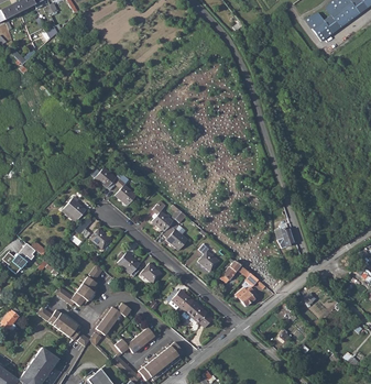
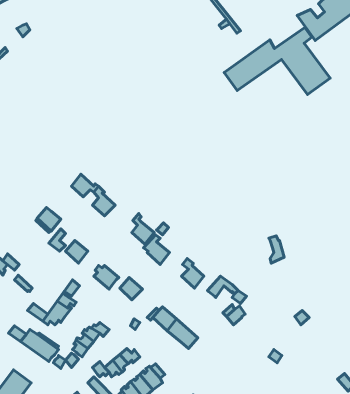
building: none -> [224,28,330,94]

